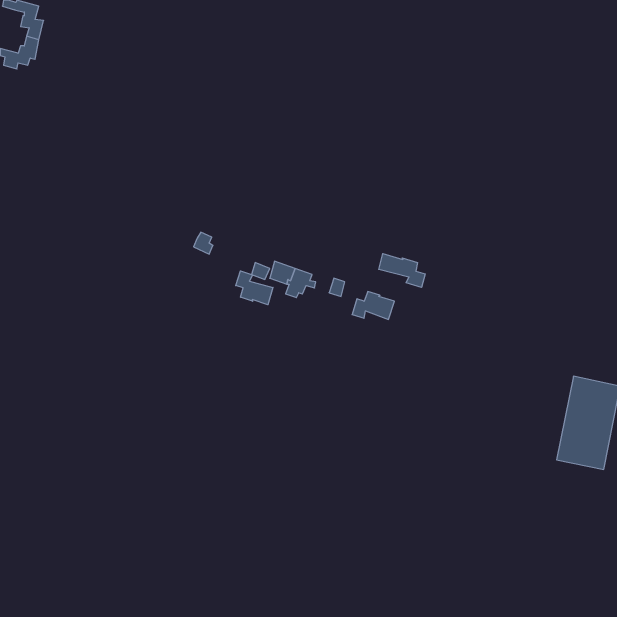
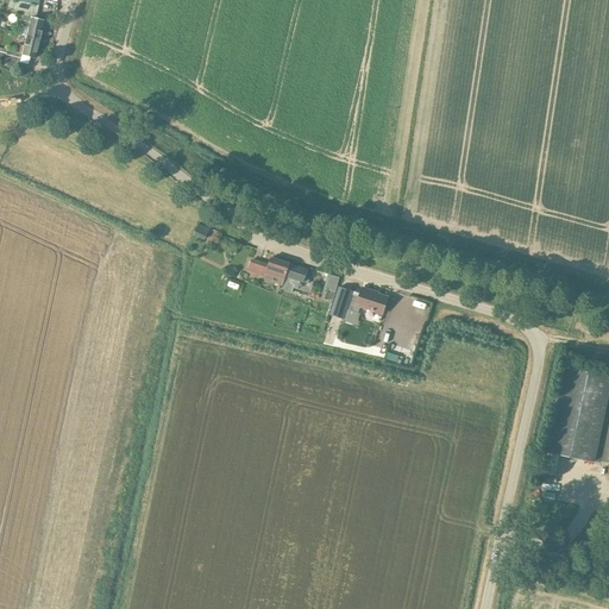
building: [379,254,425,287] -> none
building: [236,271,273,305] -> none

